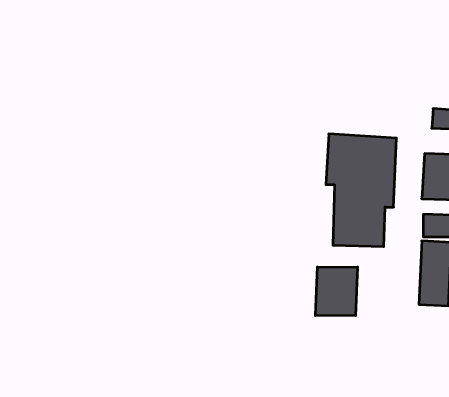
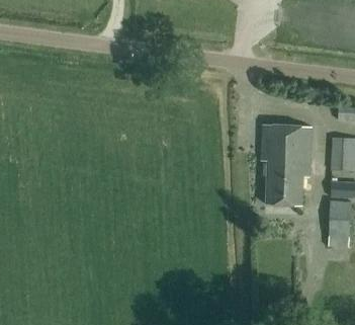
building: [315,267,358,316] -> none

